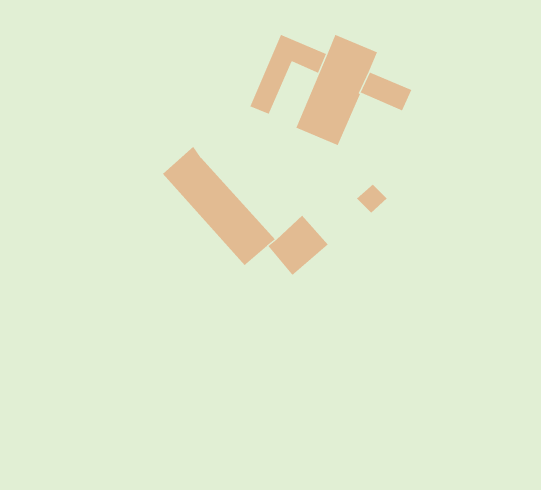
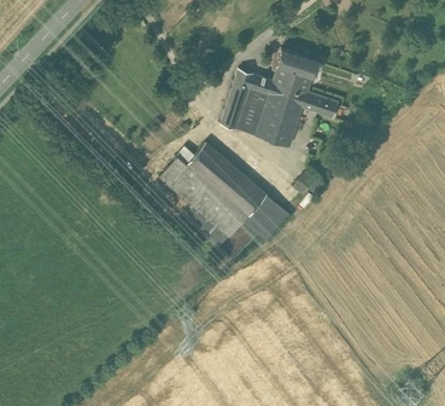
building: none -> [282,48,326,80]
building: none -> [236,86,273,134]
building: none -> [187,138,260,216]

